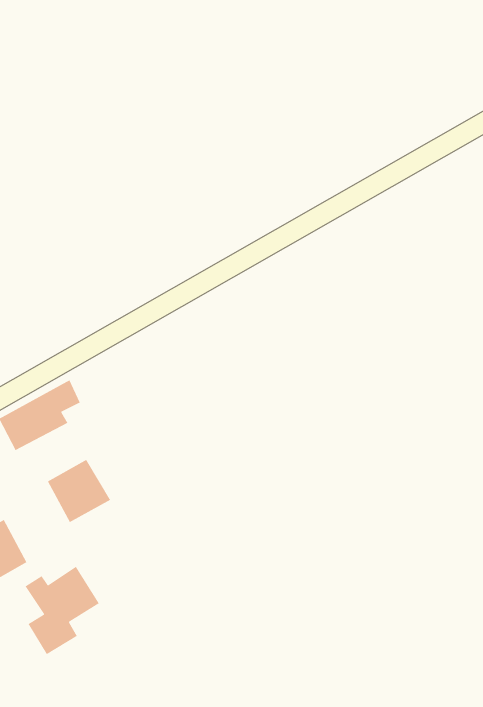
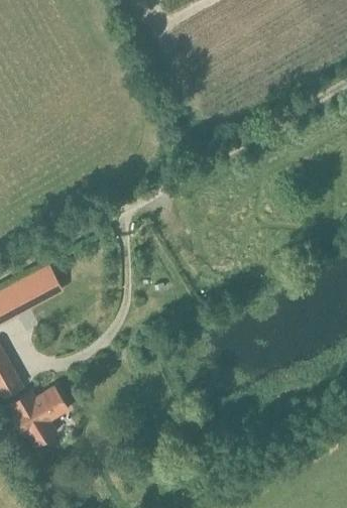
building: [47,459,111,523] -> none

